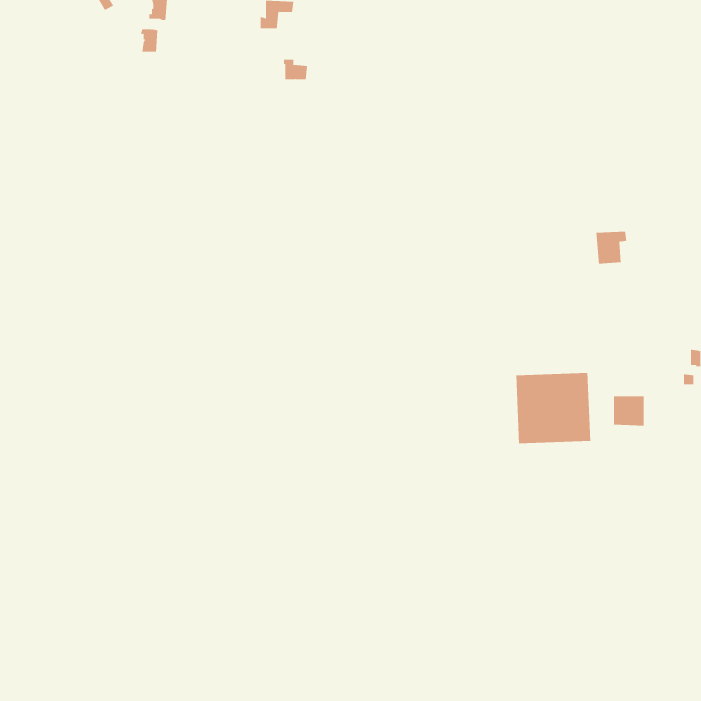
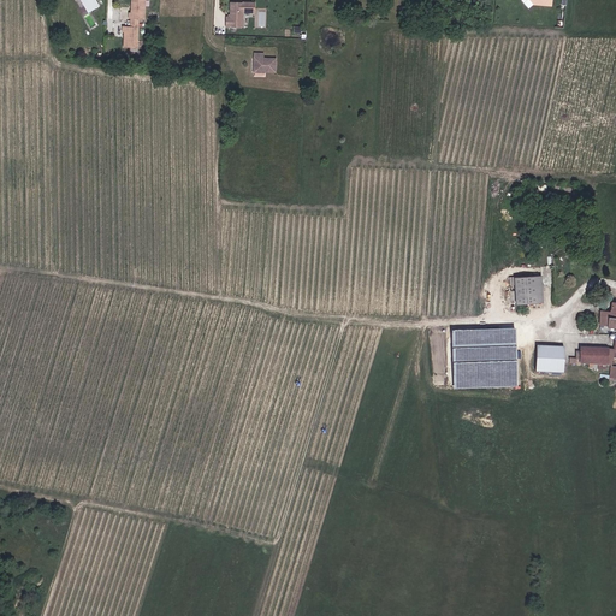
building: [596,231,627,264] -> [517,274,545,303]
building: none -> [569,348,606,365]

